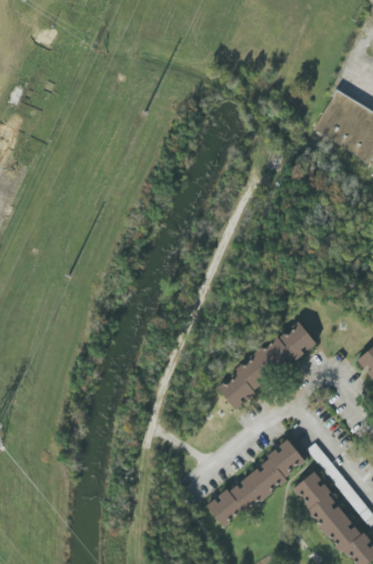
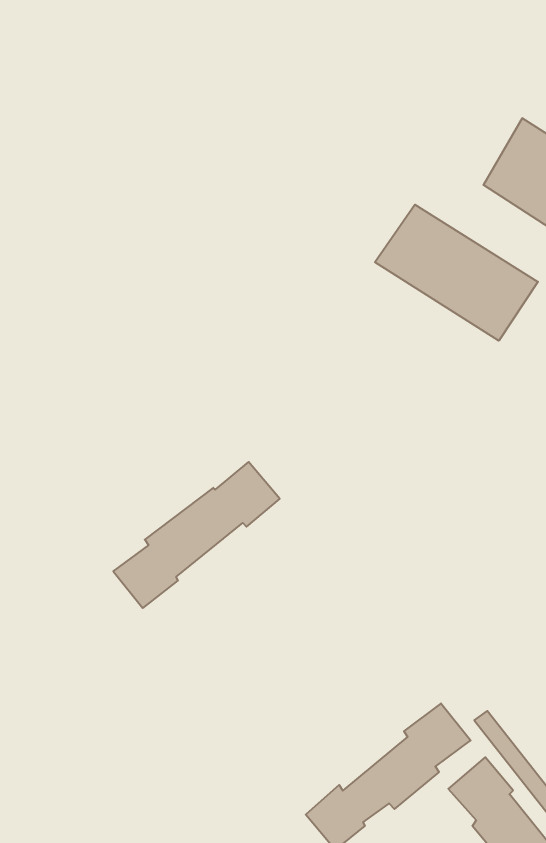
building: none -> [375,205,538,341]
building: [216,321,316,409] -> [113,462,280,608]

